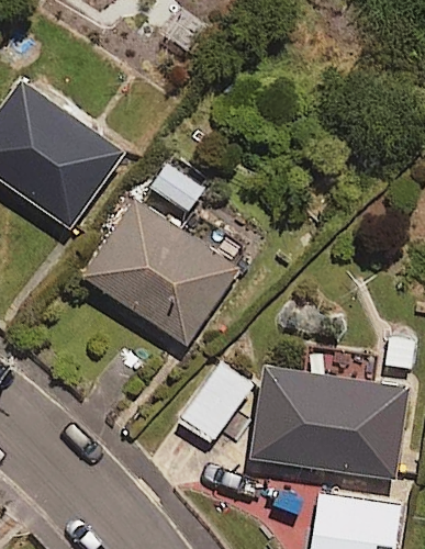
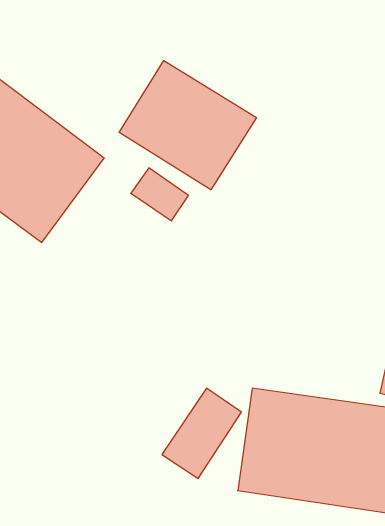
building: none -> [119,61,256,190]
building: [80,194,239,344] -> none

